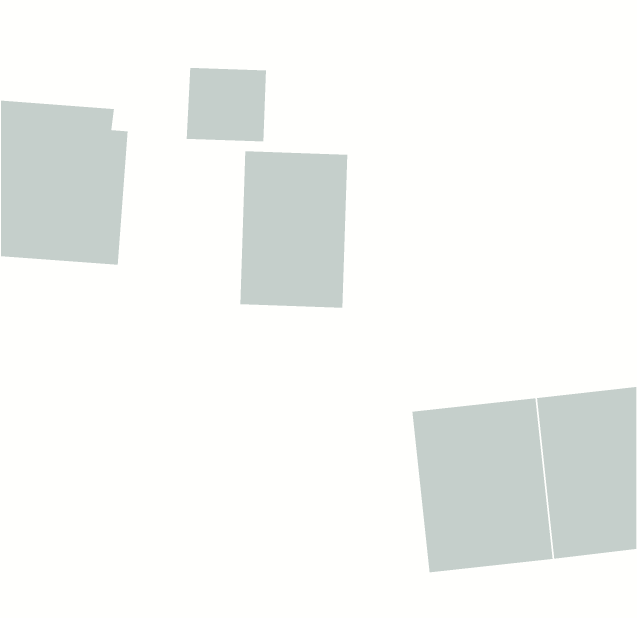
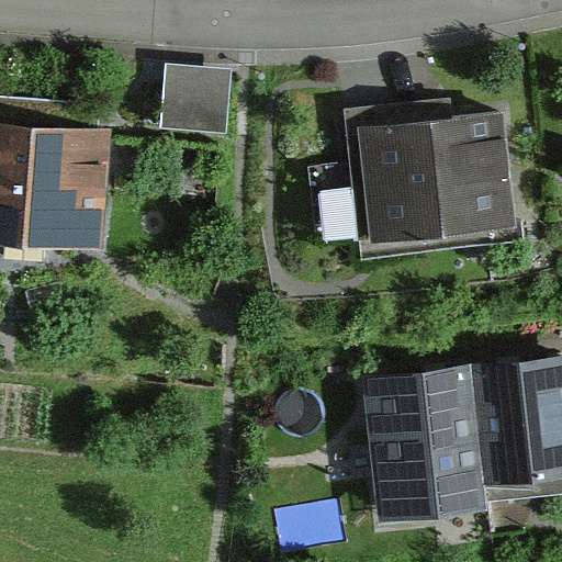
building: none -> [346,105,513,249]
building: [240,151,348,309] -> none

